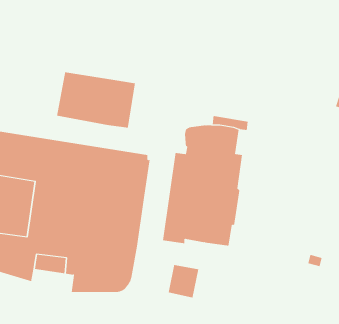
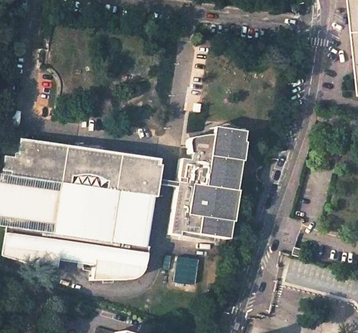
building: [57,71,135,129] -> none

